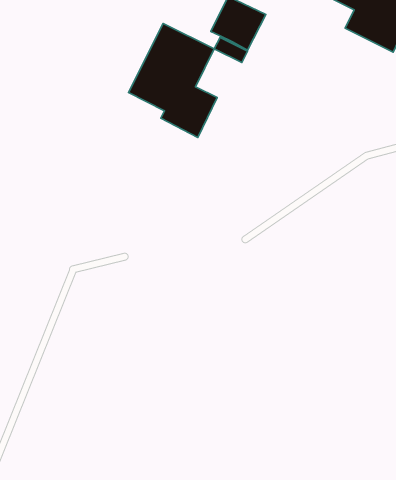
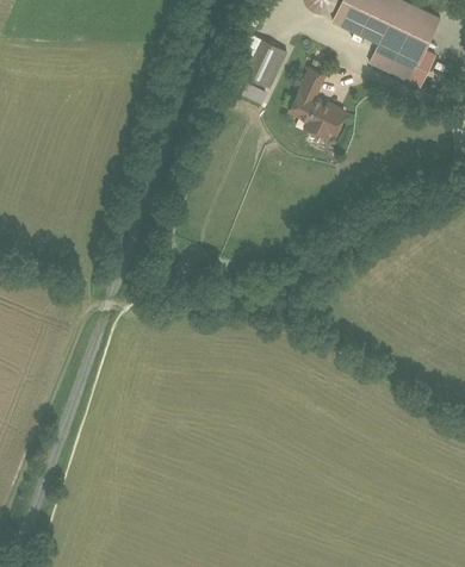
building: [129,23,217,137] -> none
building: none -> [286,66,343,137]

